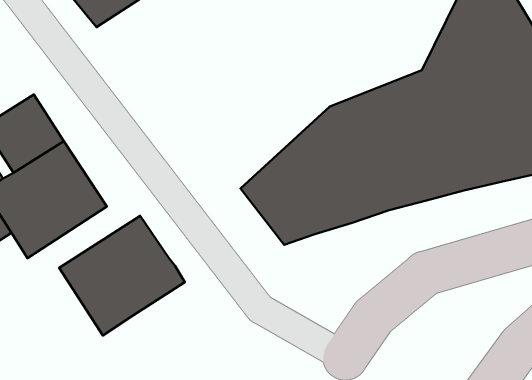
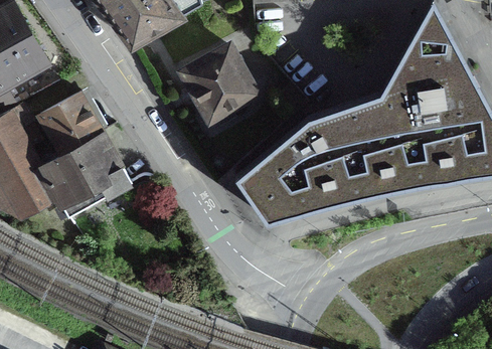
building: none -> [184,50,255,129]
building: [59,216,185,335] -> none

